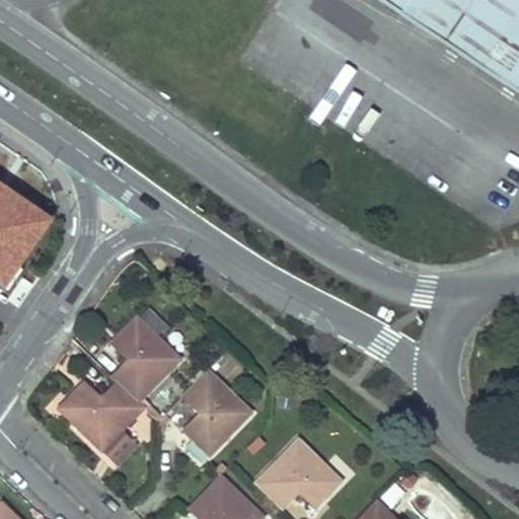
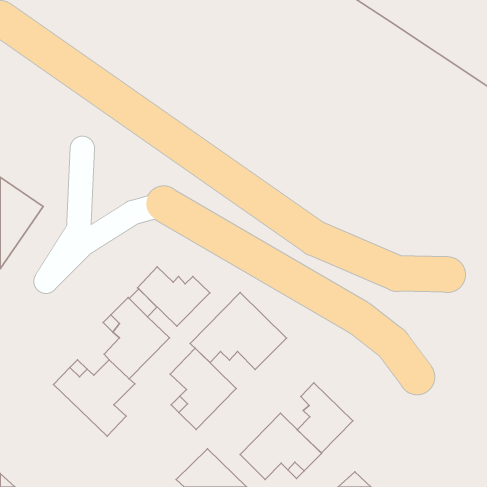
building: none -> [138,267,210,326]
building: none -> [190,293,287,370]
building: none -> [297,383,353,453]

